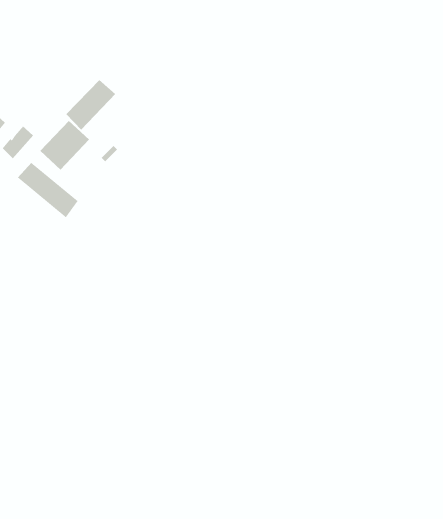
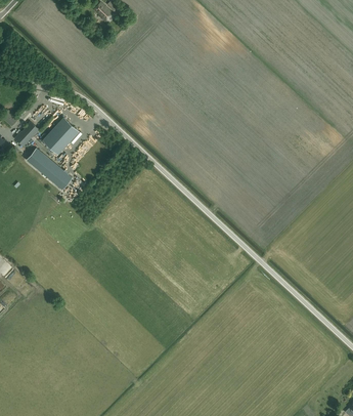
building: [66,79,116,130] -> none

